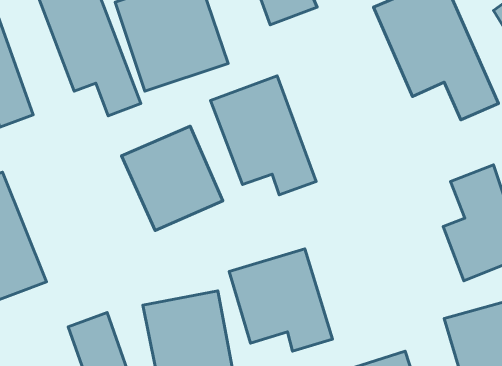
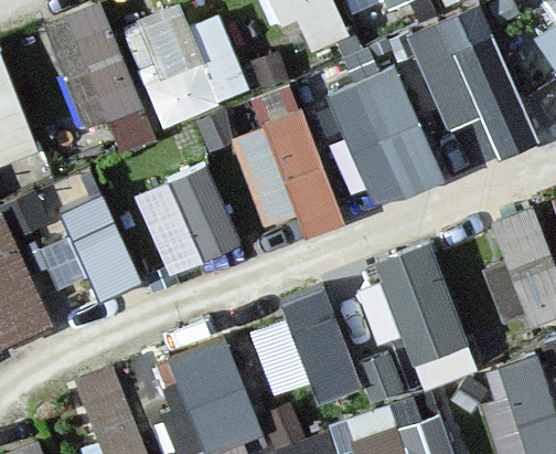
building: none -> [324,64,440,208]
building: none -> [60,193,143,300]
building: none -> [353,250,475,390]

